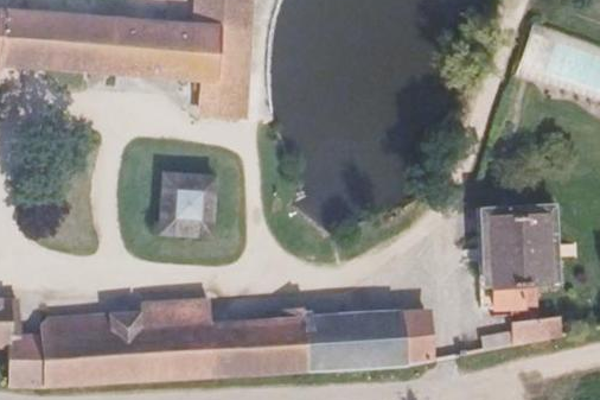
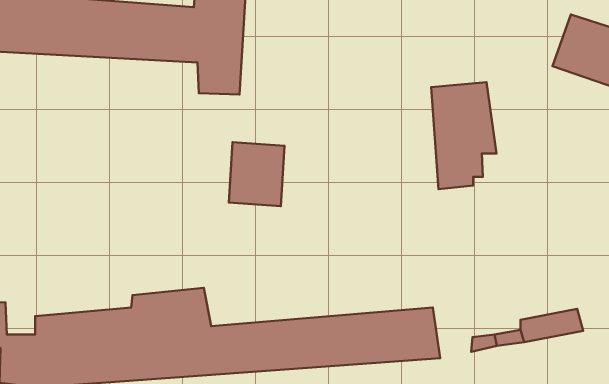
building: [160,166,213,228] -> [229,142,284,206]
building: [490,209,553,312] -> [431,82,496,189]

